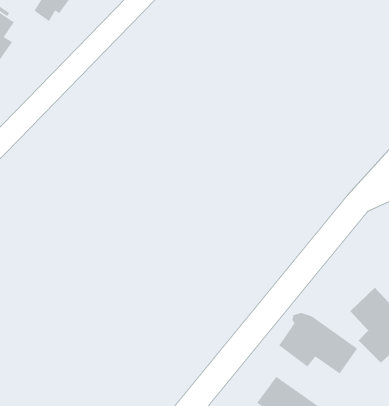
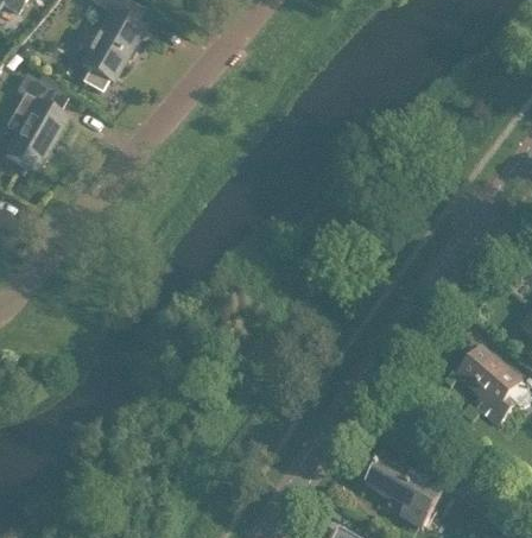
building: [278,312,358,374] -> none

